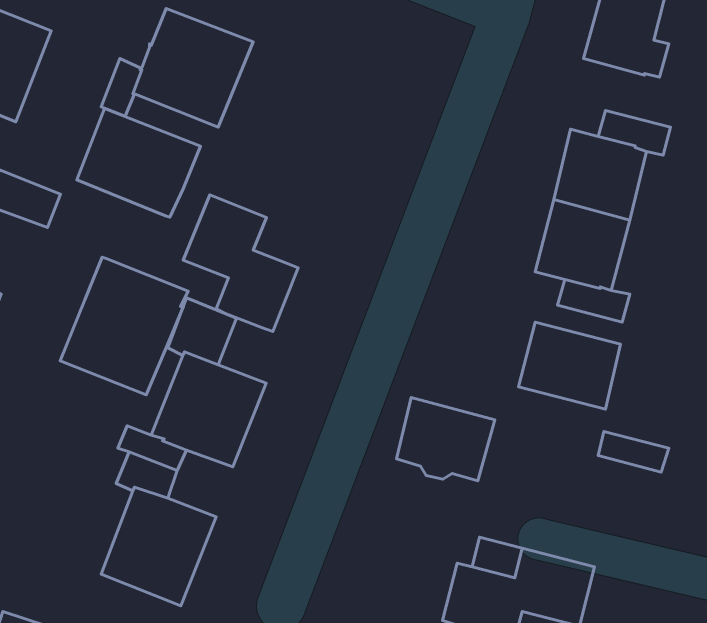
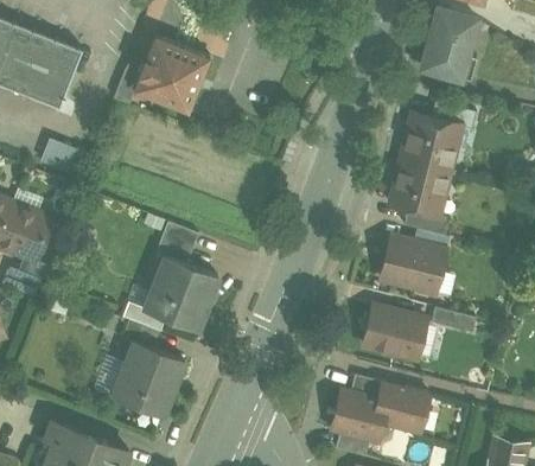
building: [77,109,200,217] -> none
building: [183,195,298,332] -> none
building: [60,257,188,395] -> none
building: [396,397,495,481] -> [364,305,427,358]

